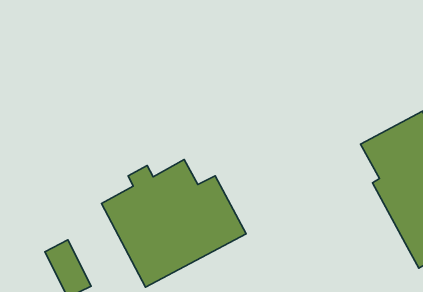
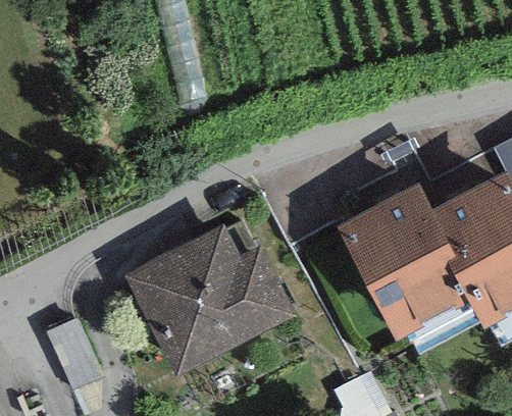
building: none -> [337,180,484,361]

